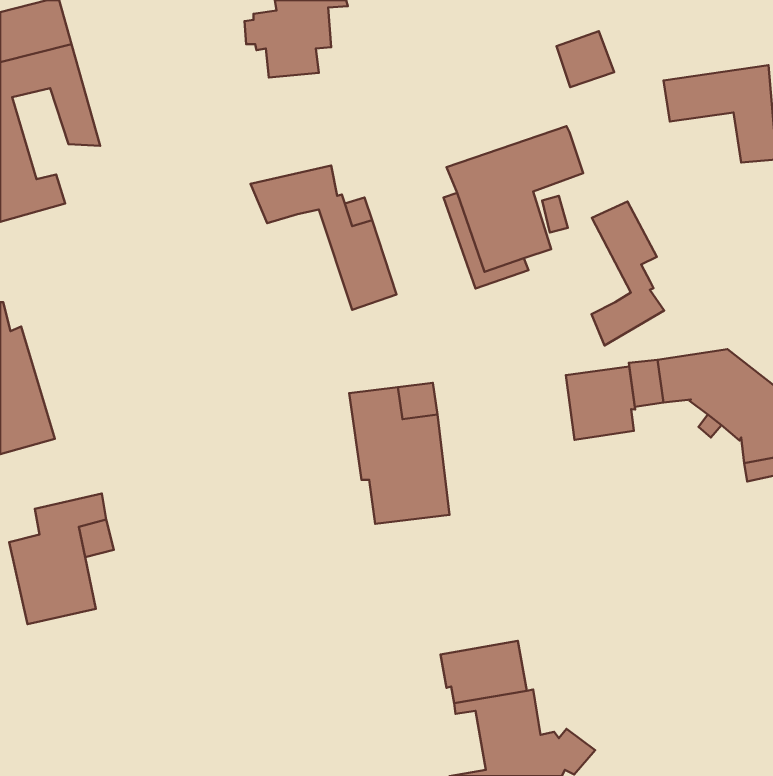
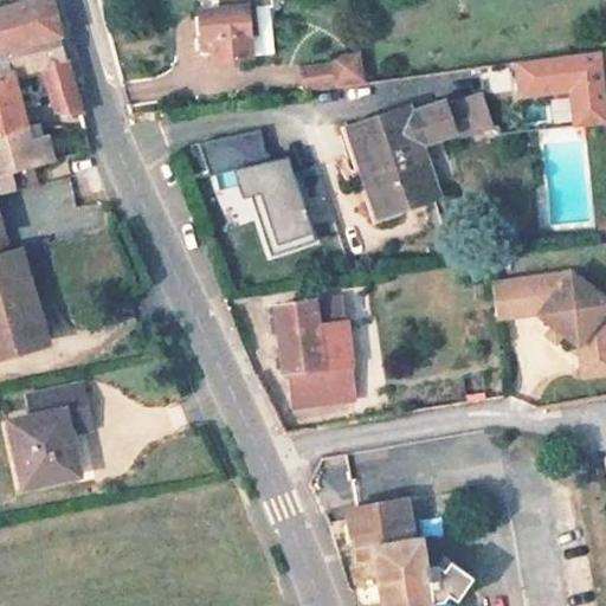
building: [556,31,614,87] -> [446,91,491,135]
building: none -> [299,56,360,86]
building: [591,202,664,345] -> none
building: none -> [234,163,315,253]
building: [566,366,635,440] -> none

